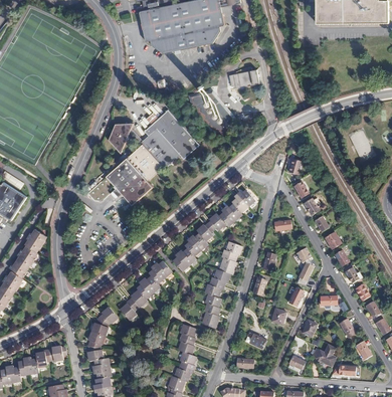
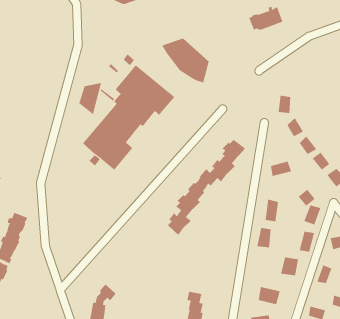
building: [229,68,260,89] -> [249,6,283,31]
building: [201,243,241,330] -> none
building: [122,262,171,323] -> none

